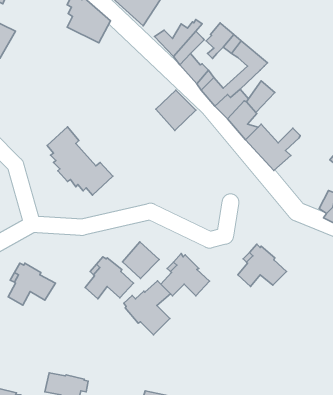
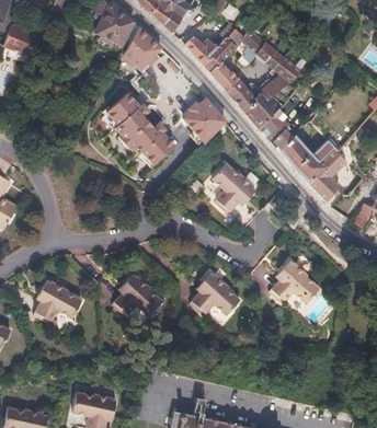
building: none -> [122,26,158,69]
building: [47,127,113,195] -> [110,97,178,169]
building: none -> [308,148,347,200]
building: none -> [212,162,255,212]
building: [122,242,159,279] -> none
building: [124,281,171,335] -> none

